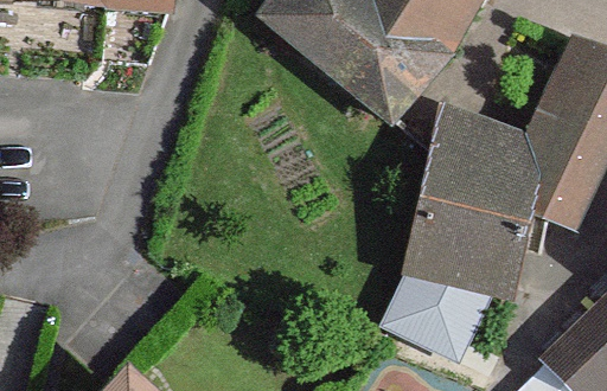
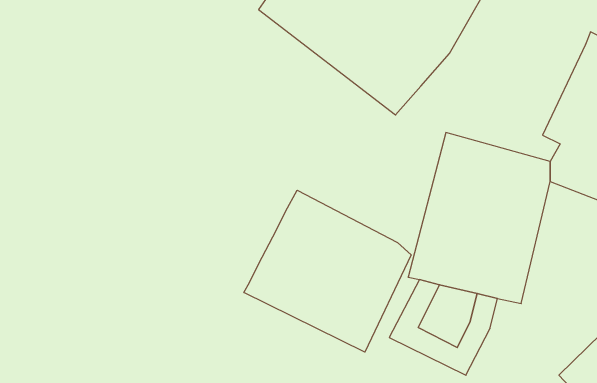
building: none -> [244,190,411,352]

